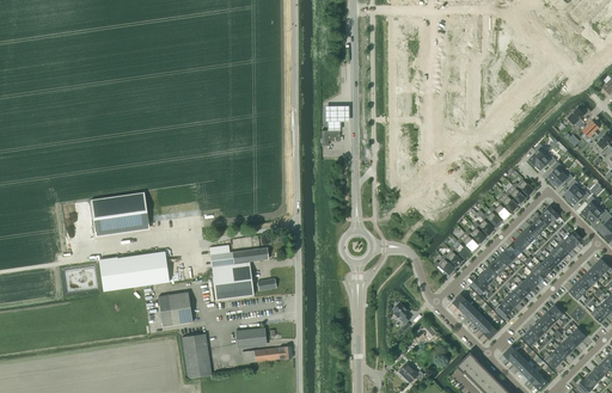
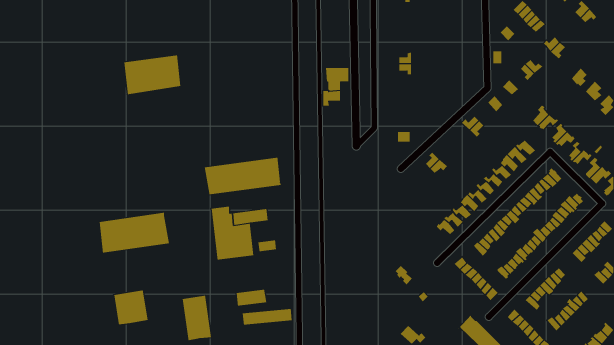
building: [90,192,147,232] -> [123,55,181,95]
building: none -> [204,157,281,195]
building: [157,291,191,326] -> [113,290,148,325]

